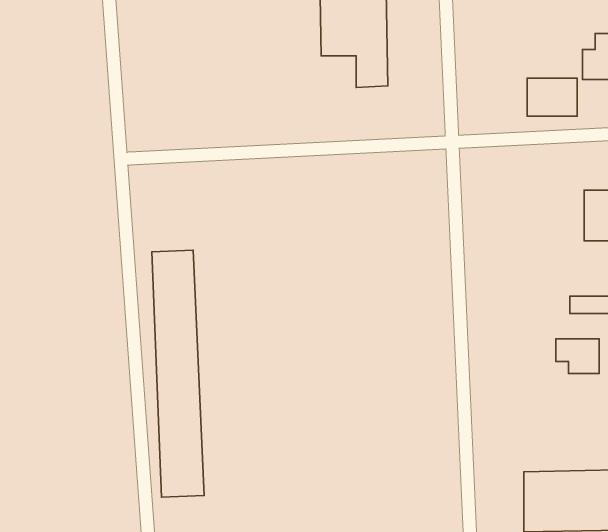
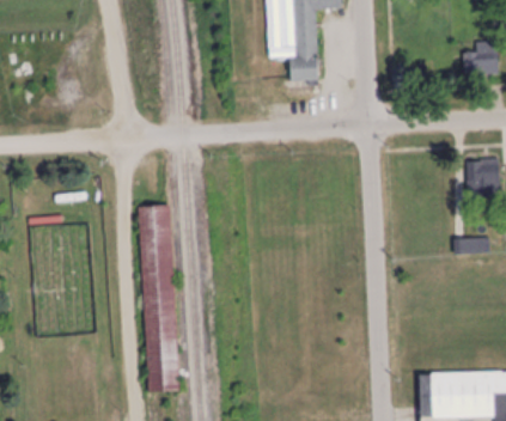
building: [527,78,577,116] -> none
building: [556,339,599,374] -> none

